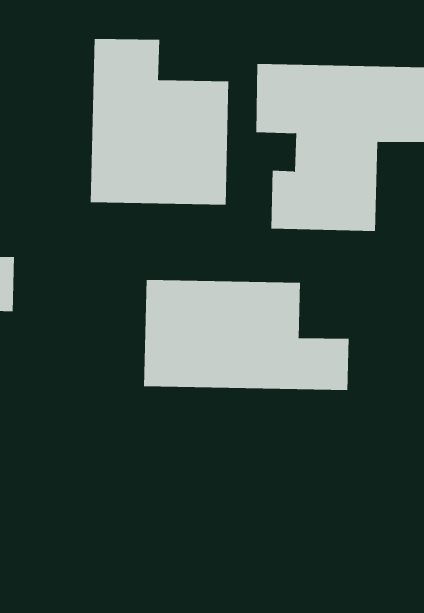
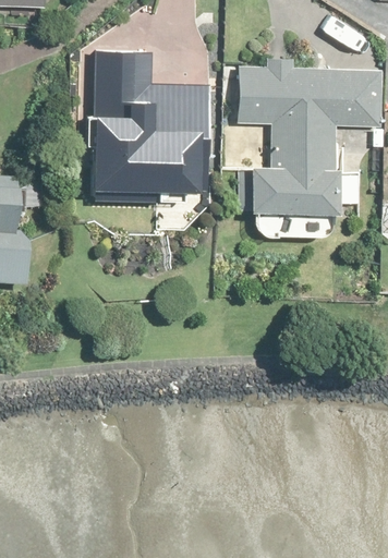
building: [144,279,349,391] -> none

